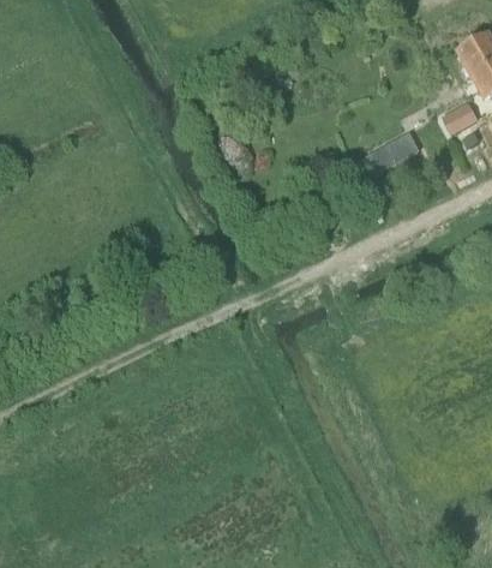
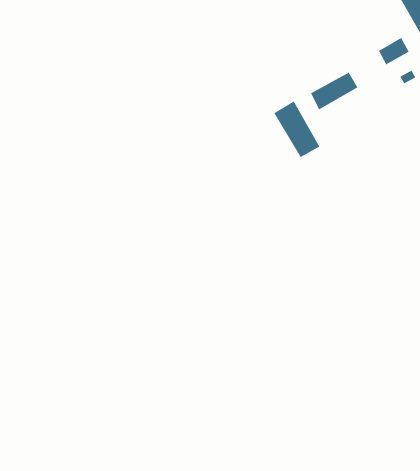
building: none -> [274,101,320,158]

